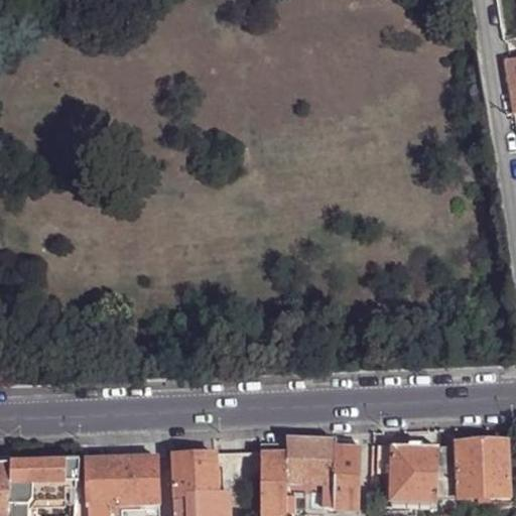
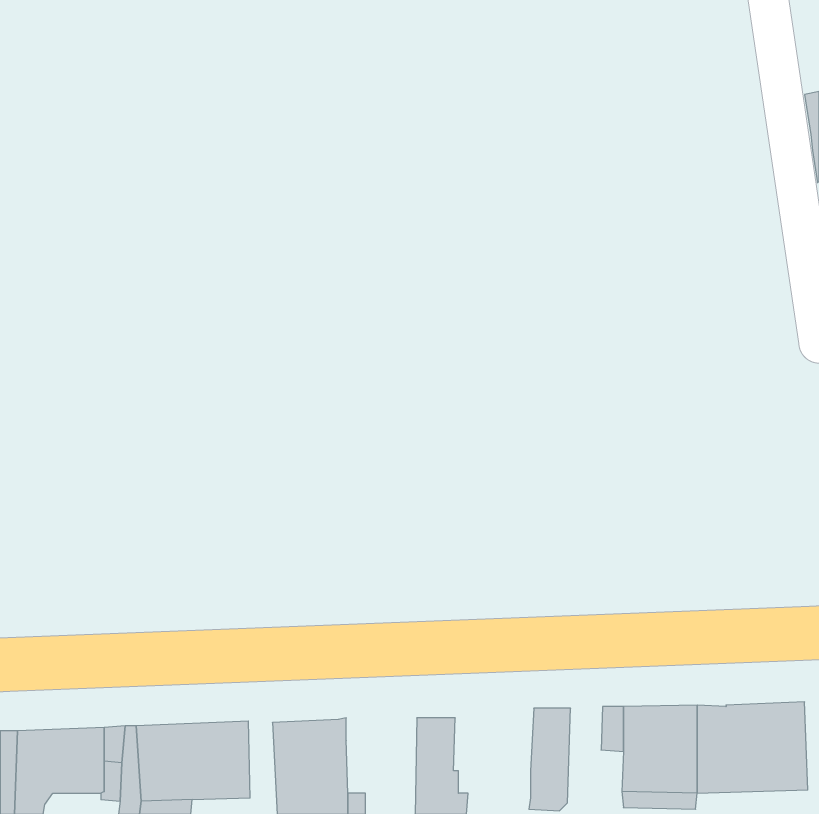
building: [285,436,337,485] -> none

